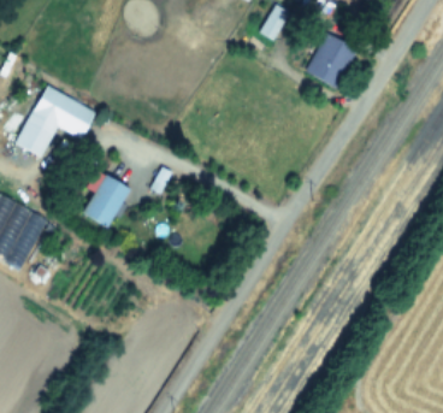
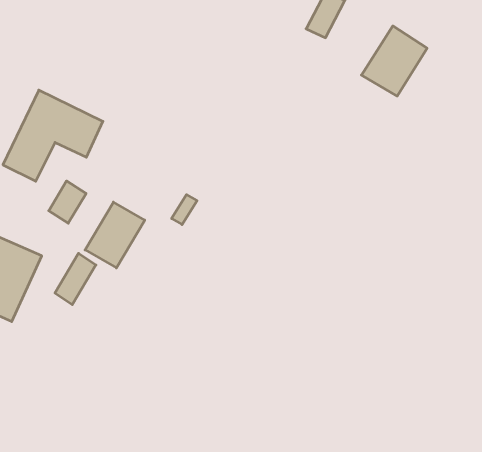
building: none -> [49,181,86,223]
building: none -> [55,253,96,305]

